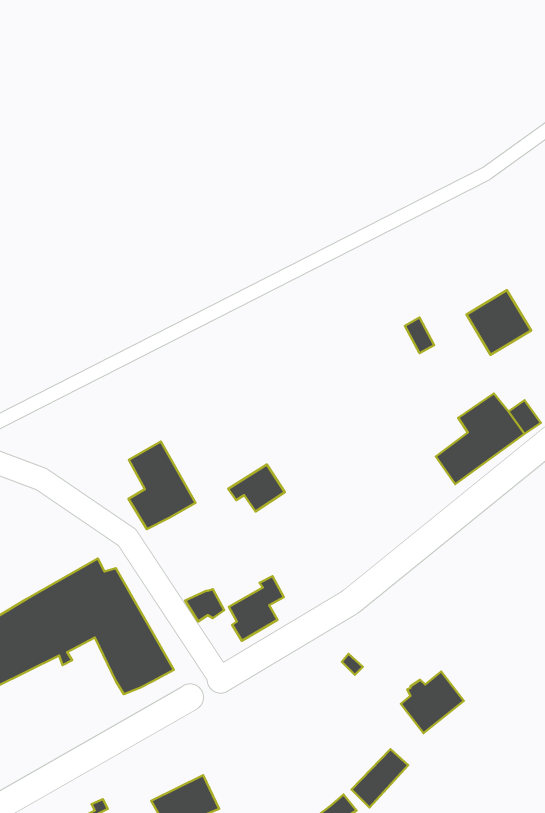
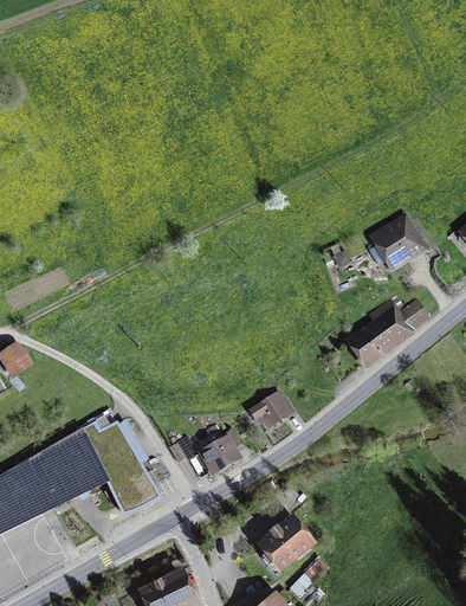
building: [128,441,196,529] -> none
building: [228,465,285,511] -> [248,392,290,426]
building: [401,672,464,733] -> [263,521,309,566]

